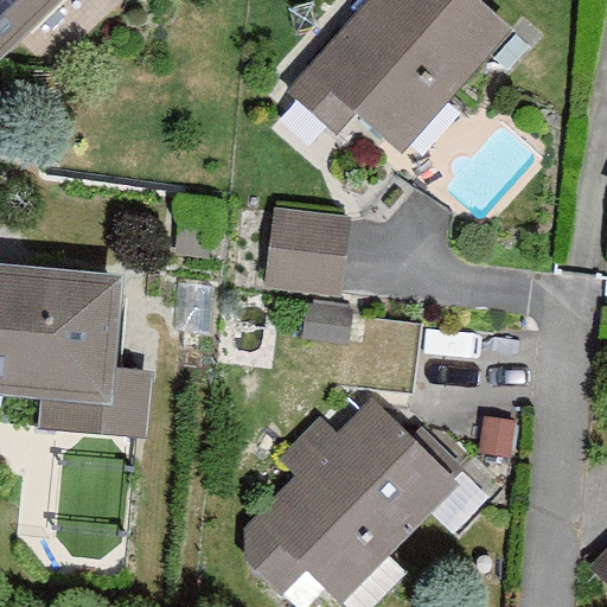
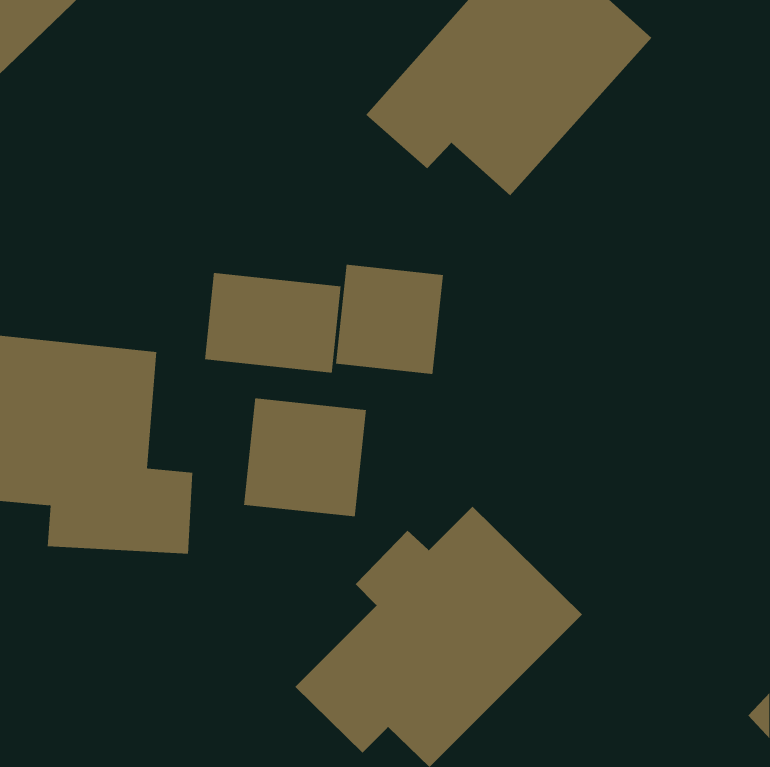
building: none -> [205,272,341,373]
building: none -> [244,398,366,517]

